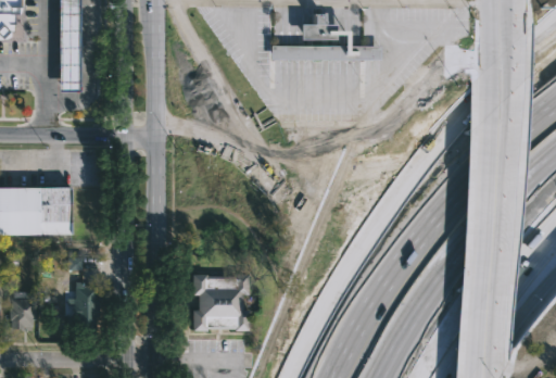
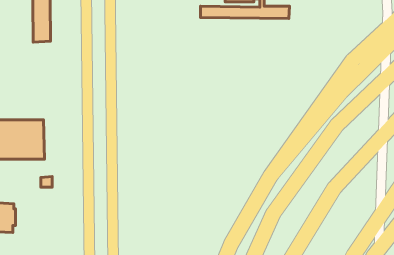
building: [192,273,249,330] -> none
building: [72,280,101,327] -> none

